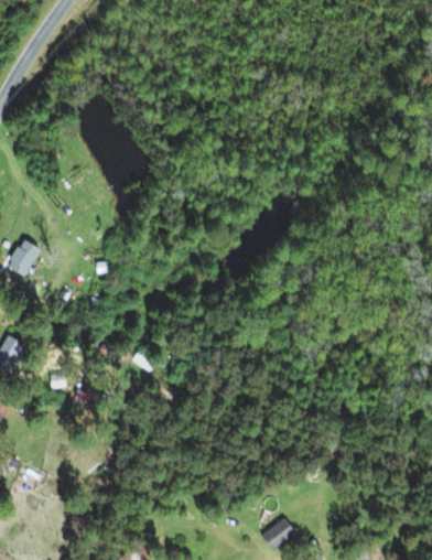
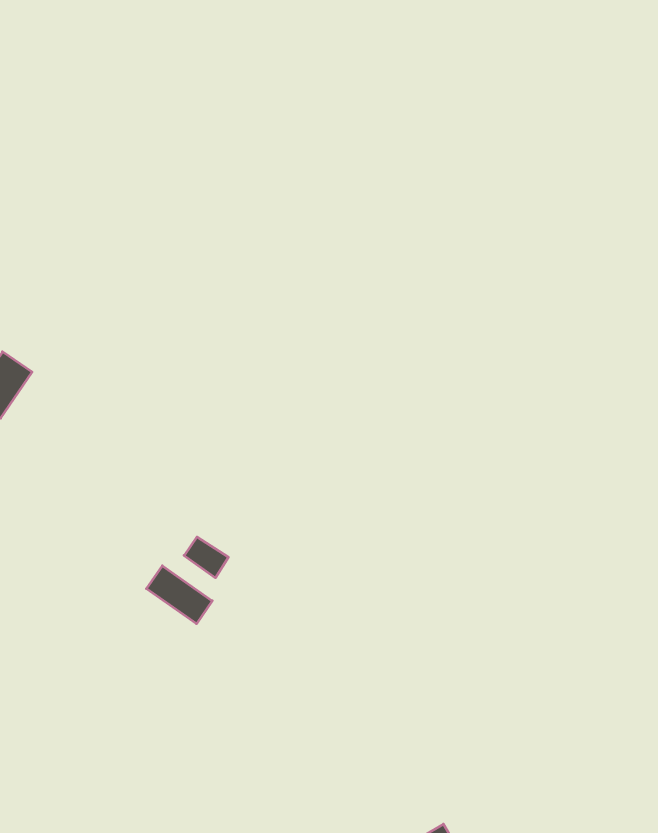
building: none -> [146,566,212,624]

